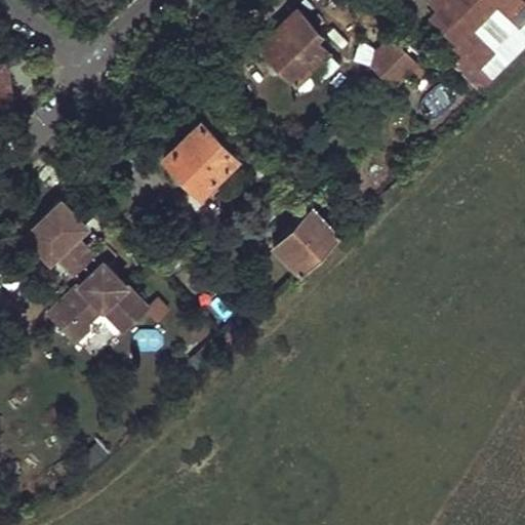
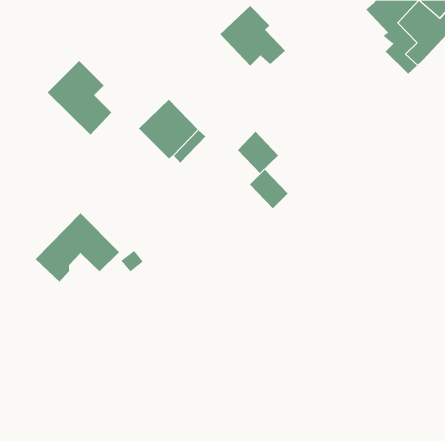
building: [372,44,431,91] -> none
building: [19,195,96,283] -> [47,60,112,135]
building: [273,224,322,274] -> [237,131,279,174]

